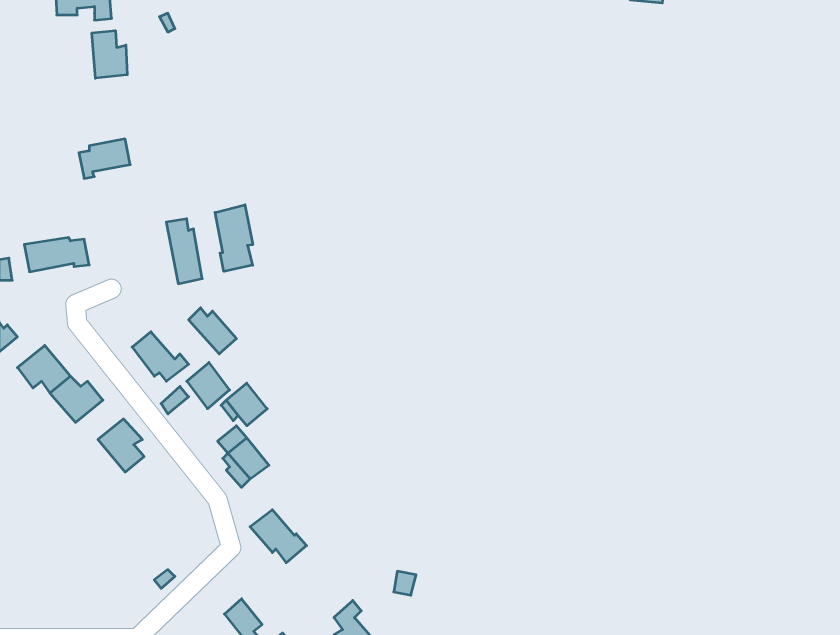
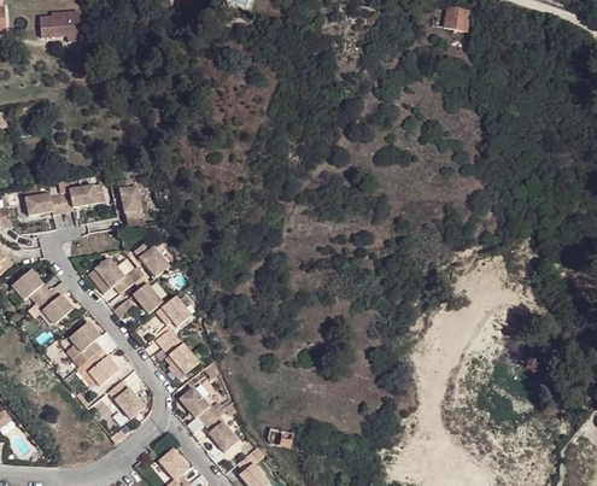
building: [92,31,127,78] -> none
building: [79,139,130,178] -> [60,186,96,213]
building: [215,205,253,271] -> none
building: none -> [89,349,121,386]
building: none -> [109,379,144,417]
building: none -> [203,411,239,451]

